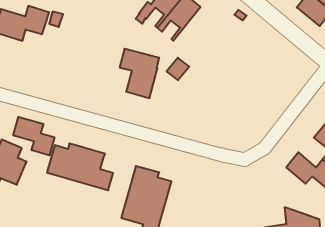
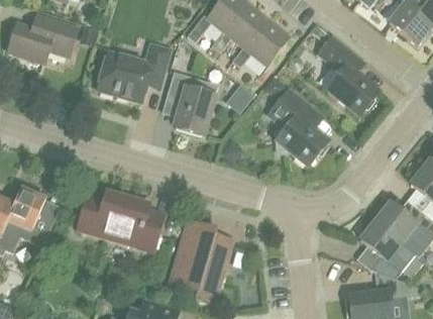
building: none -> [234,20,290,67]
building: none -> [318,35,378,114]
building: none -> [96,44,171,101]
building: none -> [268,89,328,165]
building: [13,117,54,155] -> none
building: none -> [359,221,414,278]

